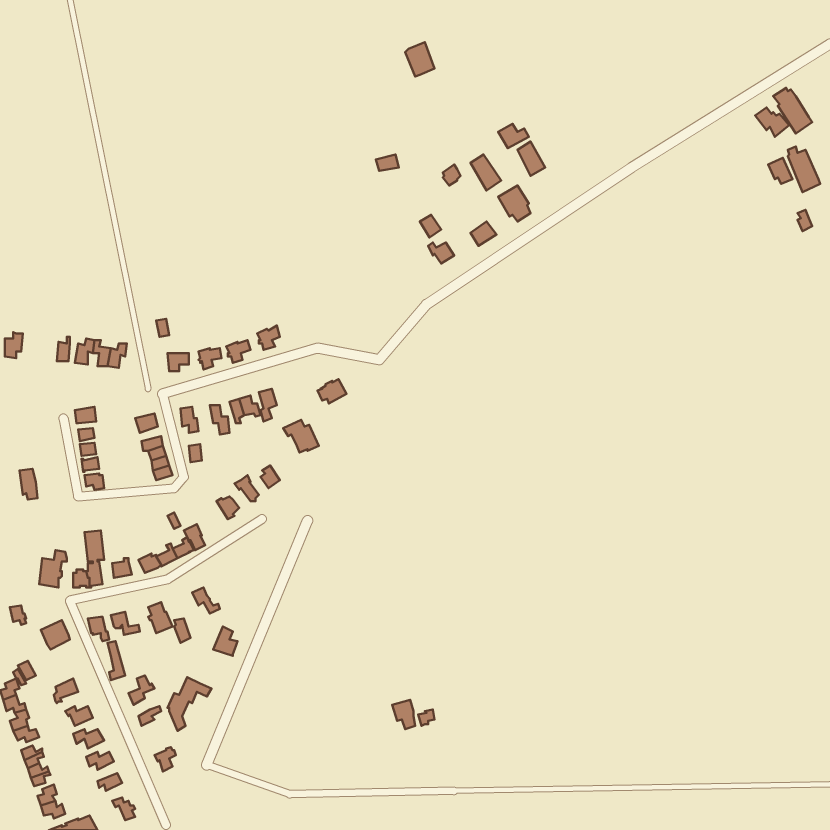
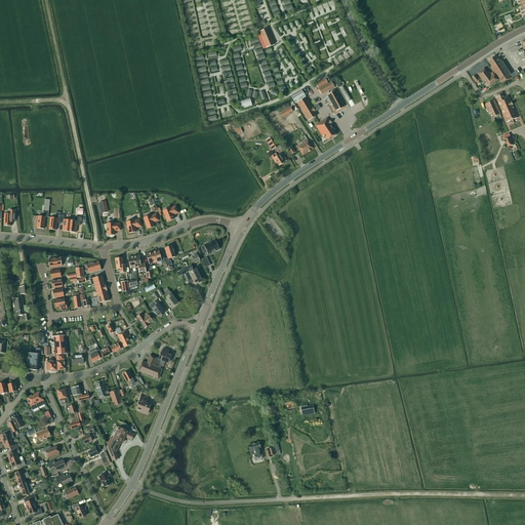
building: none -> [137,348,170,378]

